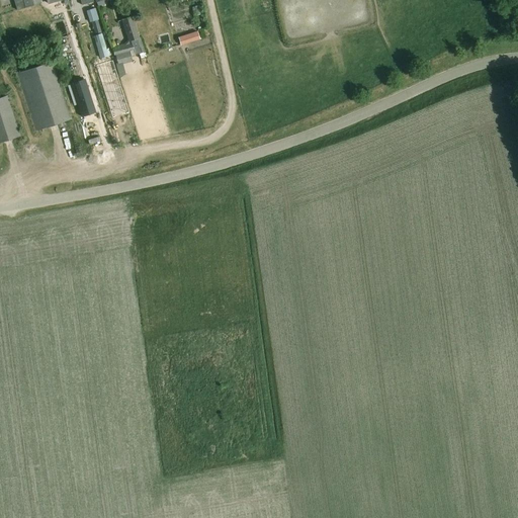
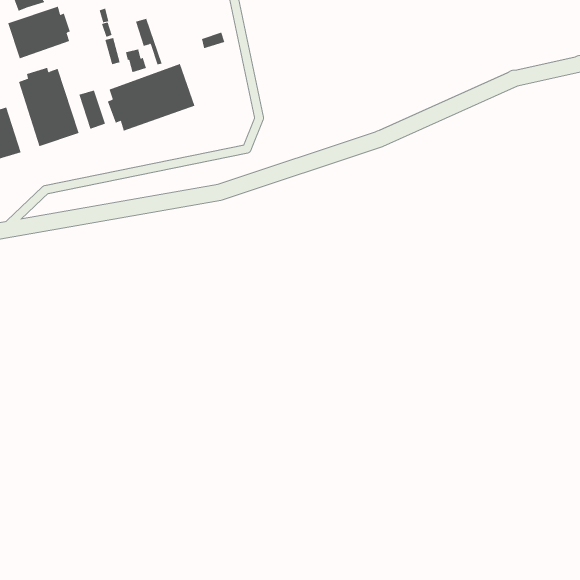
building: none -> [7,6,71,59]
building: none -> [107,63,195,131]

